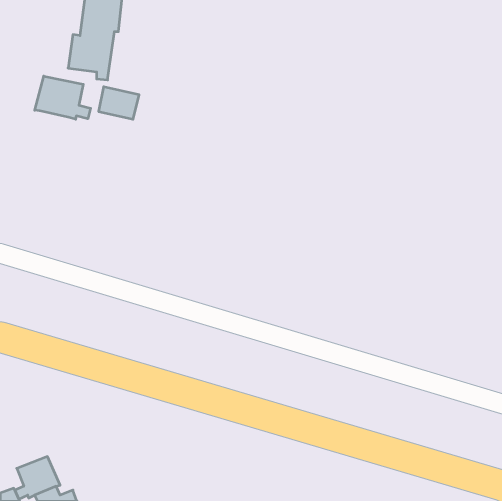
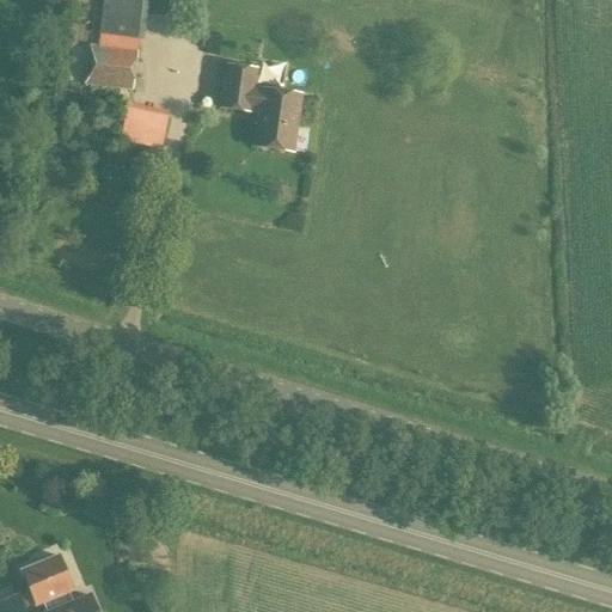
building: none -> [222,63,302,151]
building: [35,76,91,119] -> none

